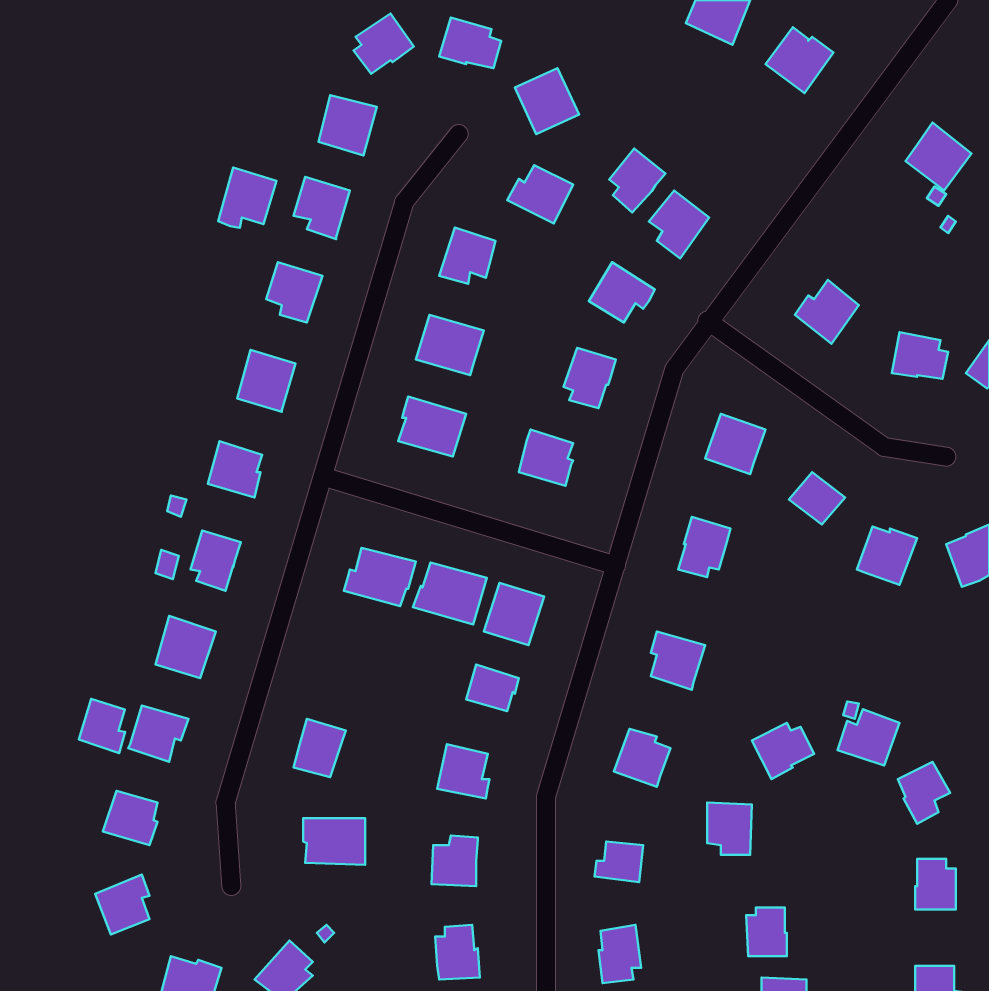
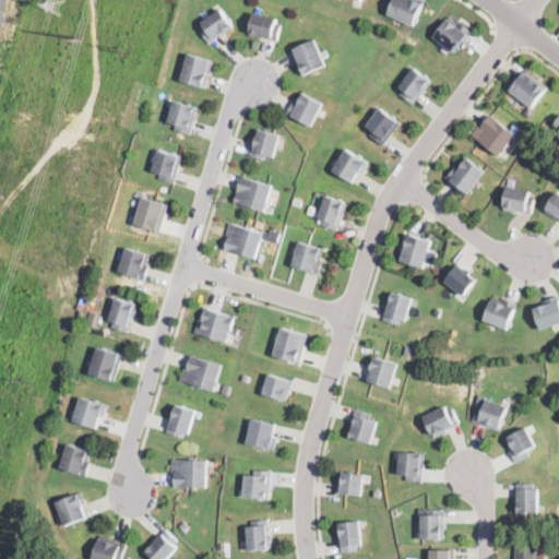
building: [609,148,665,213] -> [397,69,429,105]
building: [218,168,276,228] -> none
building: none -> [471,116,514,156]
building: [413,562,487,625] -> [179,356,221,391]
building: [79,699,125,753] -> none

